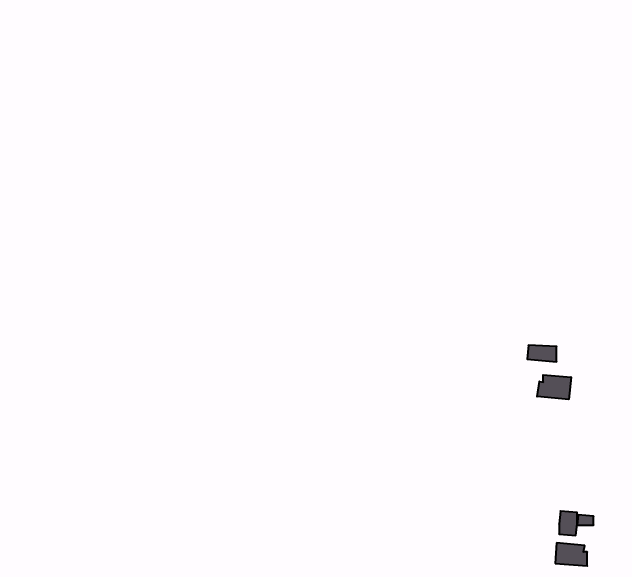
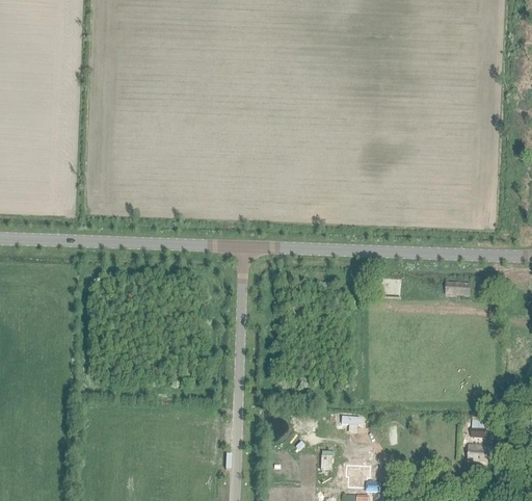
building: [537,375,571,399] -> none

